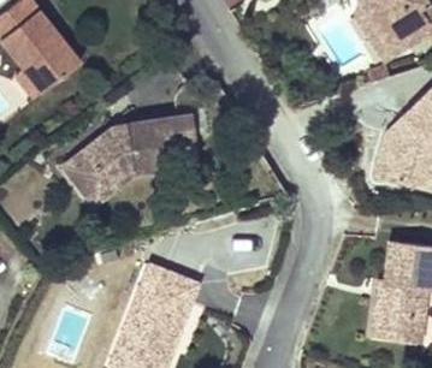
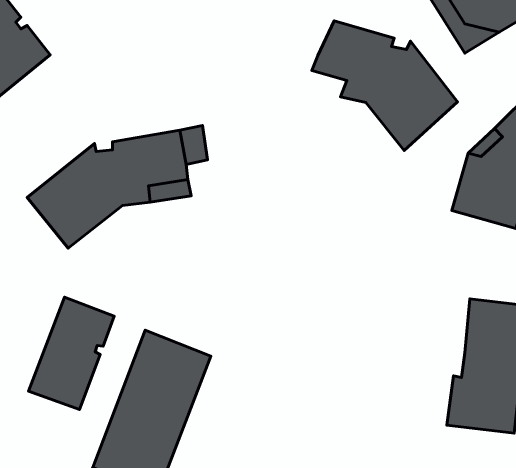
building: none -> [312,21,458,150]
building: none -> [29,297,114,410]

